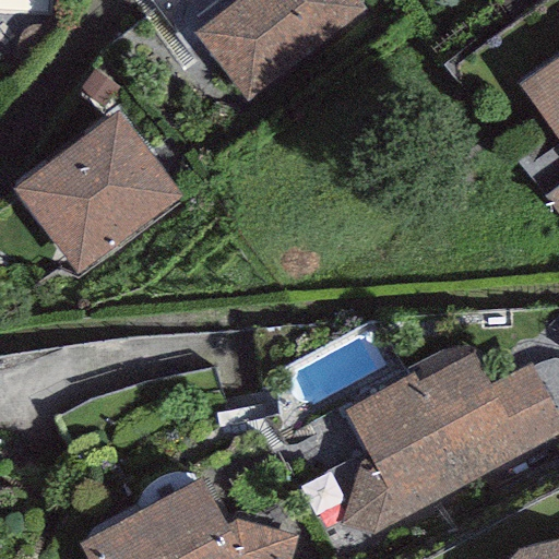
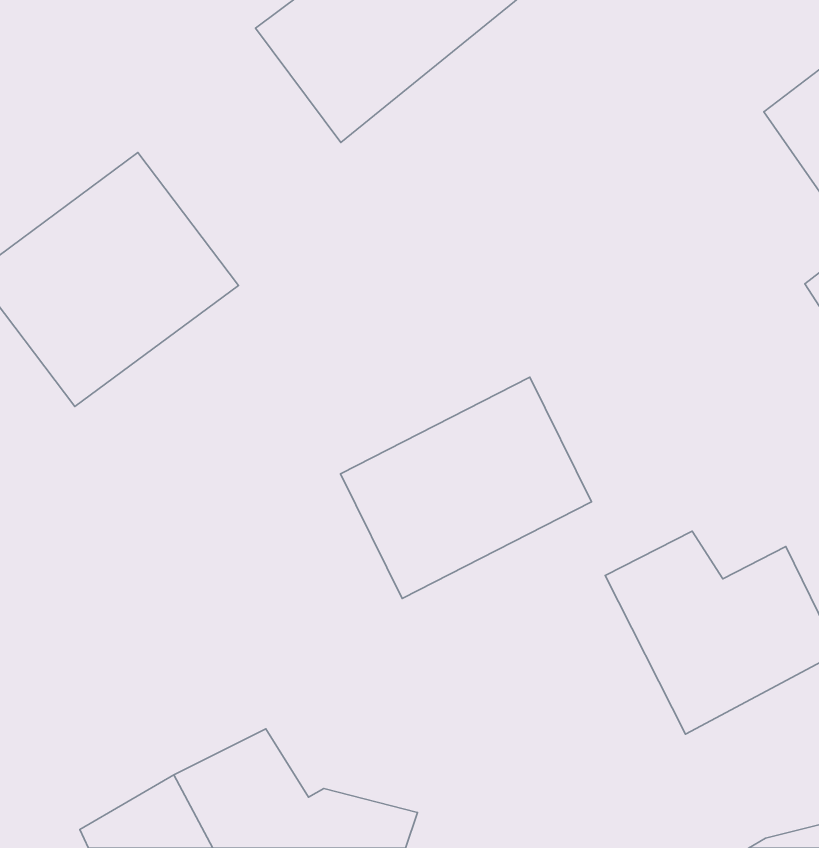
building: none -> [341,377,592,599]
building: [341,373,469,532] -> none

